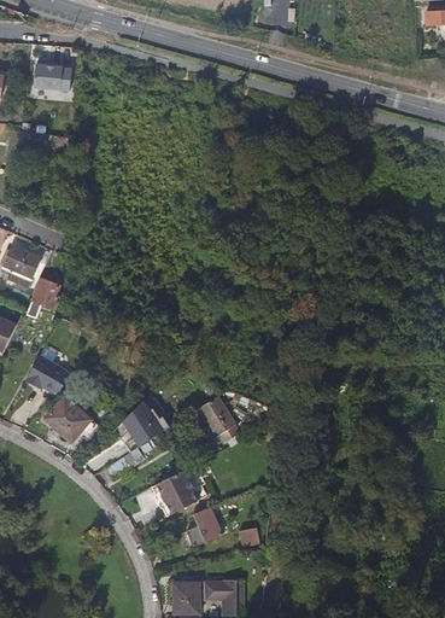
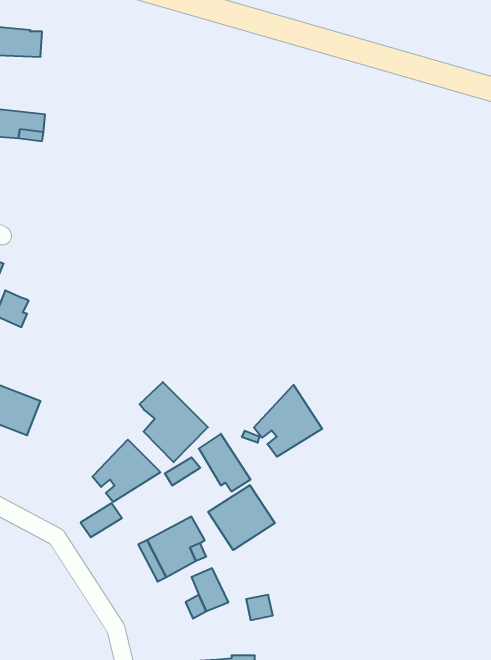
building: none -> [140,382,208,462]
building: none -> [254,385,322,457]
building: [46,396,93,442] -> none
building: none -> [208,485,275,550]

